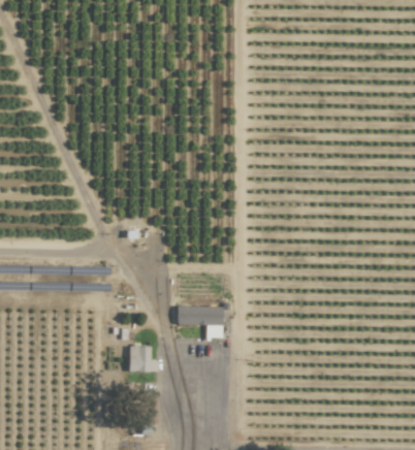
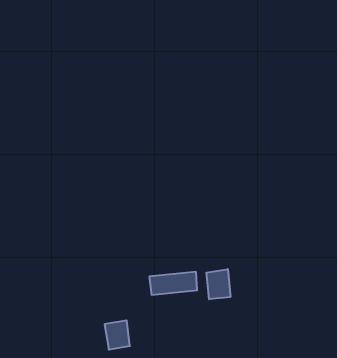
building: none -> [207,269,230,299]

